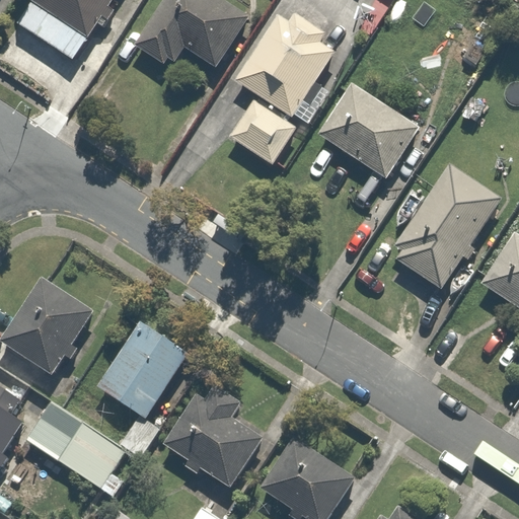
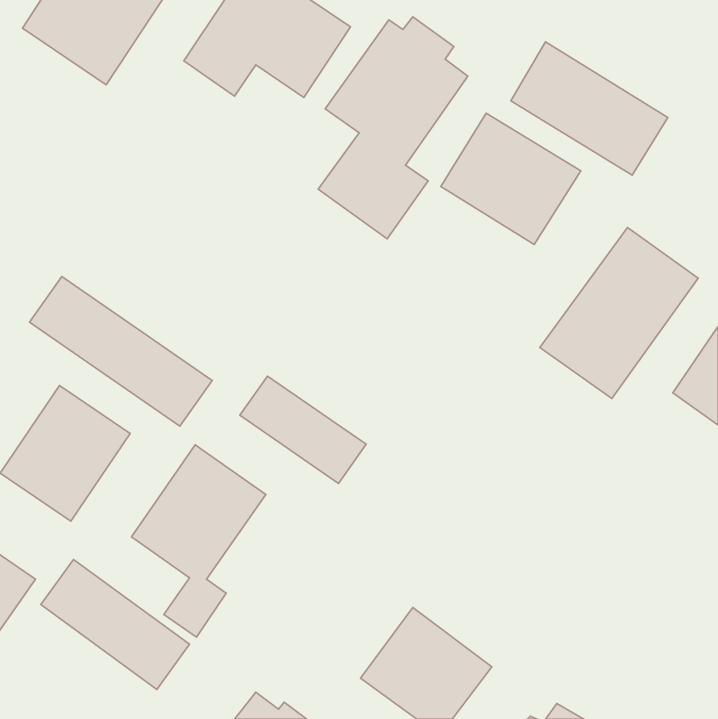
building: none -> [511,42,668,175]
building: none -> [30,277,212,426]
building: none -> [240,376,366,483]
building: [162,383,263,489] -> none

